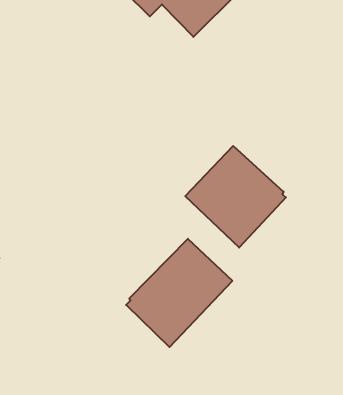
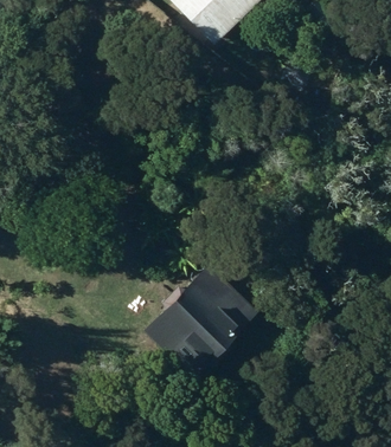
building: [185,146,286,248] -> none

